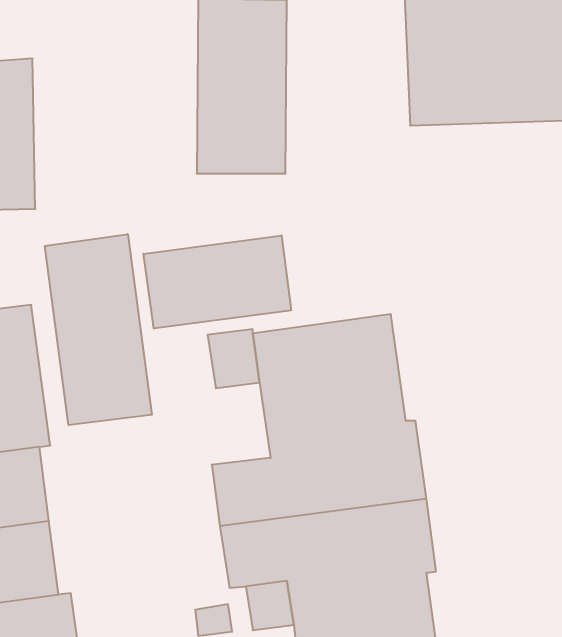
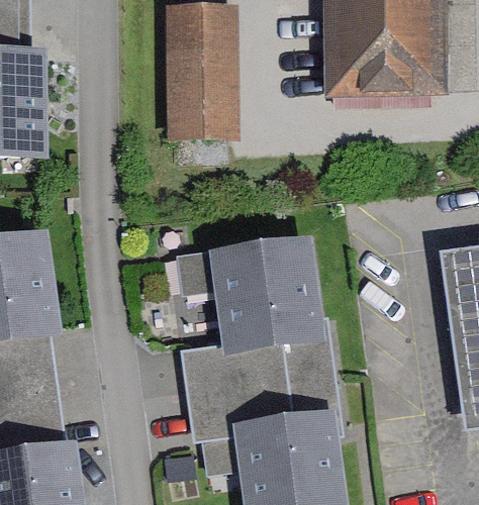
building: [45,234,152,425] -> none
building: [143,235,291,329] -> none

